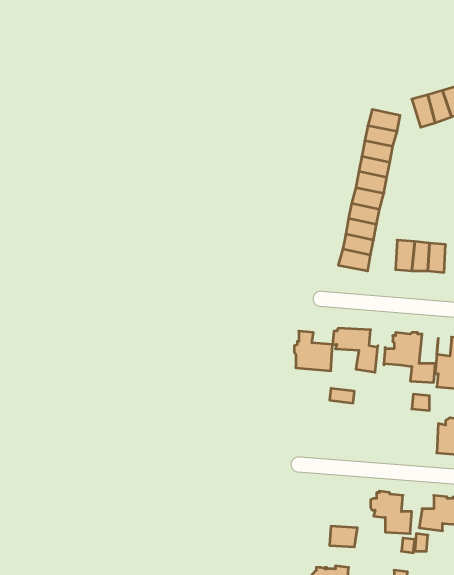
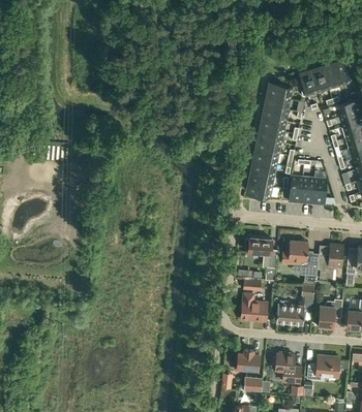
building: [294,331,332,371] -> [240,293,267,321]
building: none -> [276,300,304,324]
building: none -> [235,349,259,371]

